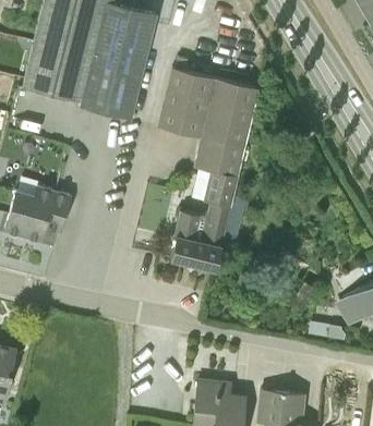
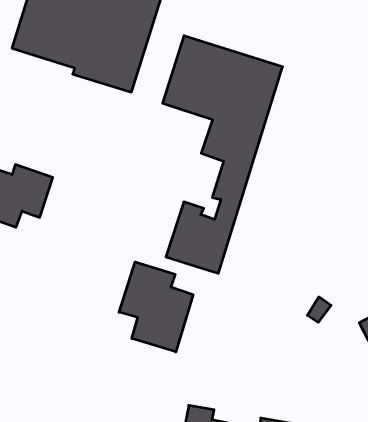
building: none -> [119,262,193,352]

